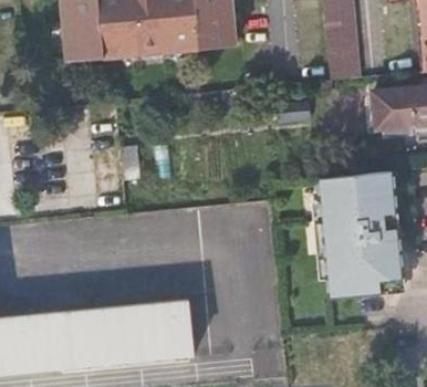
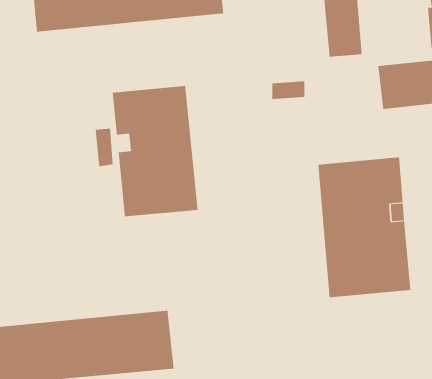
building: none -> [112,85,198,217]

